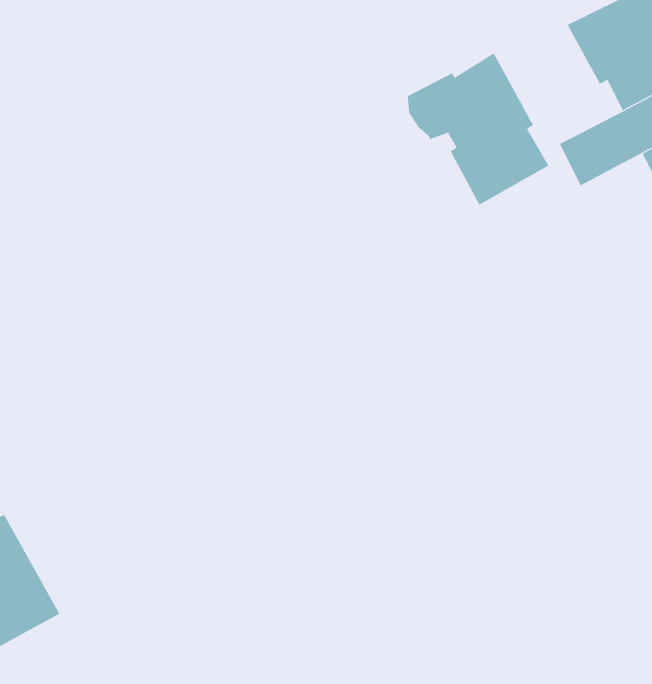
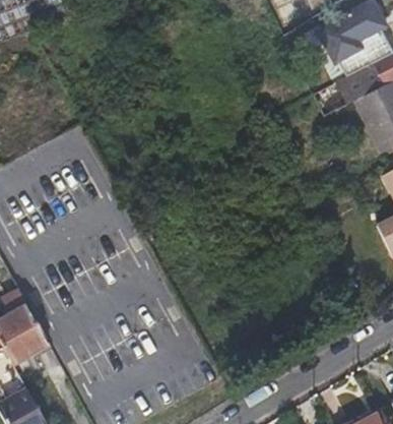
building: [407,53,549,206] -> none

